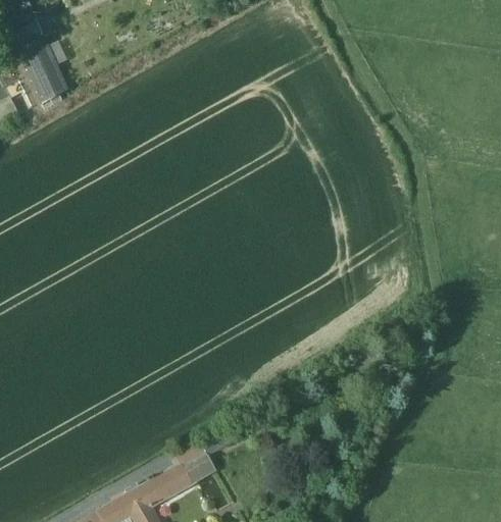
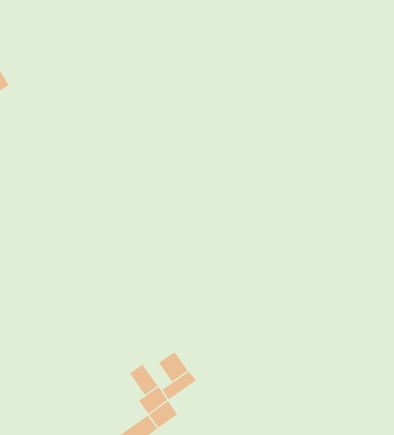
building: none -> [158,351,188,382]
building: none -> [129,364,159,396]

